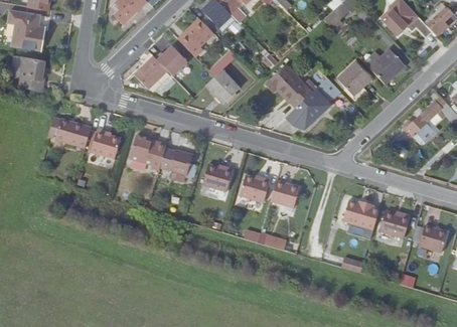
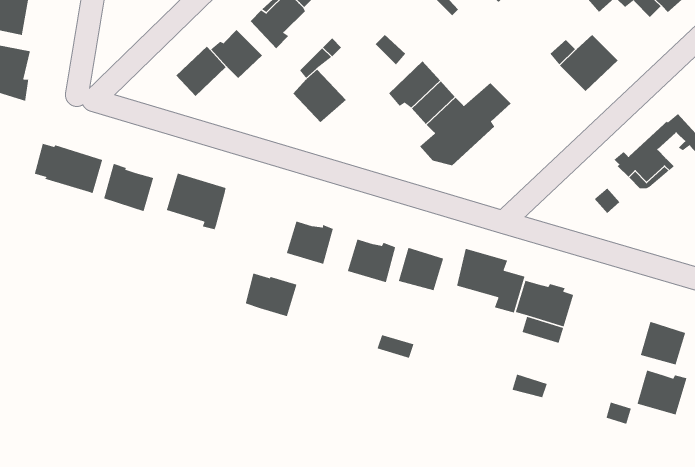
building: [336,62,371,96] -> none
building: [160,147,192,174] -> [245,273,297,317]
building: none -> [456,248,525,314]
building: [378,209,410,237] -> [637,370,688,416]

